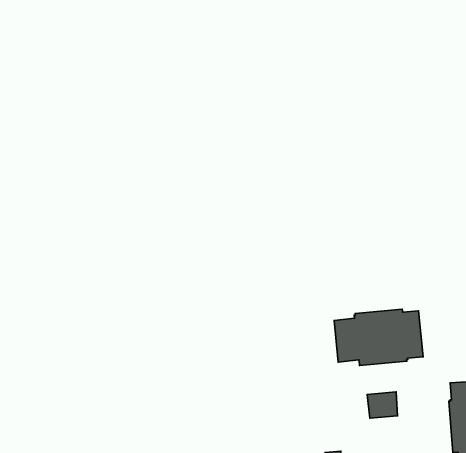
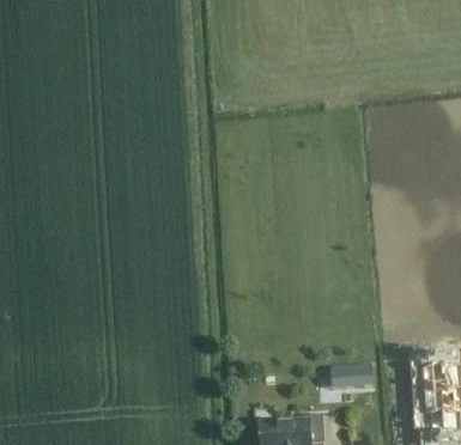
building: [334,309,423,366] -> none

